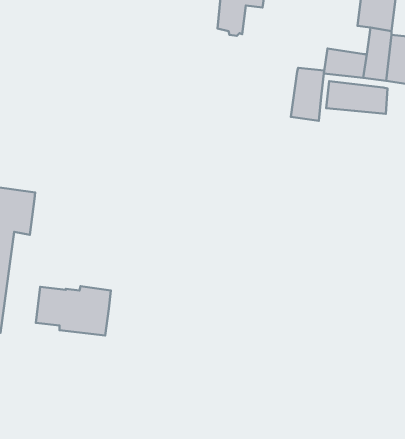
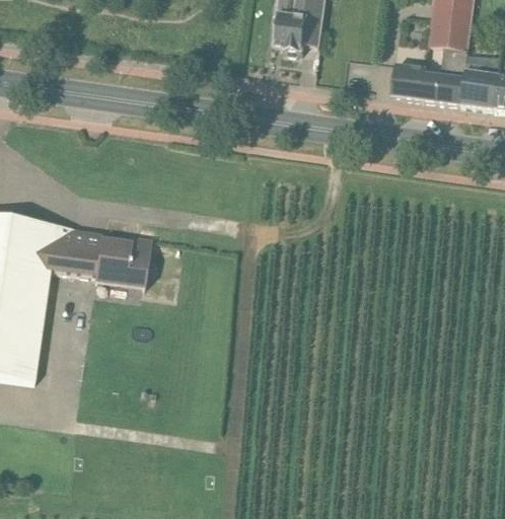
building: [291,68,324,121] -> none
building: [326,81,387,114] -> none
building: [36,286,111,336] -> [67,233,150,288]

